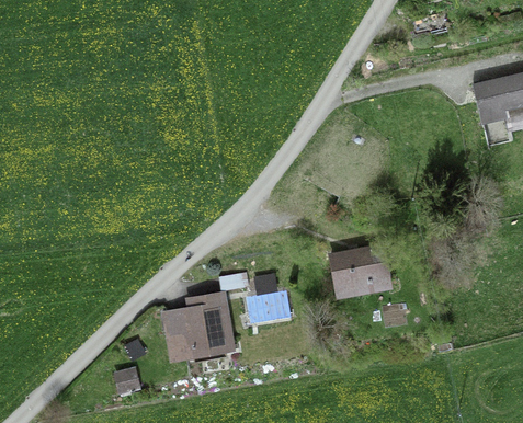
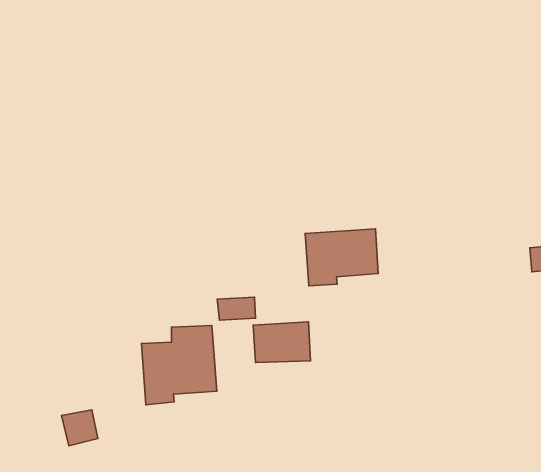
building: [331,249,388,296] -> [305,229,378,286]

